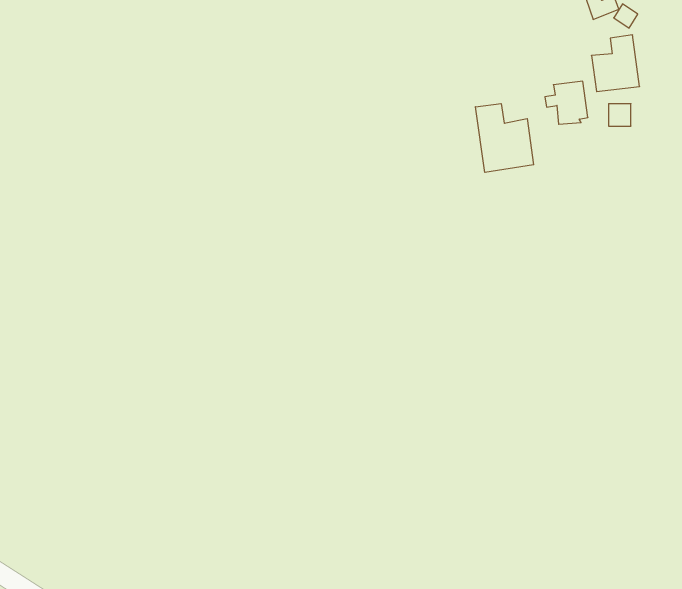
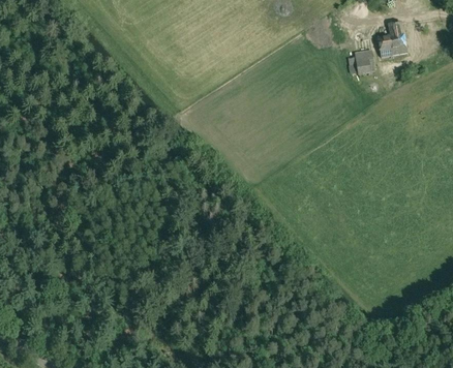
building: [475,104,534,172] -> none

